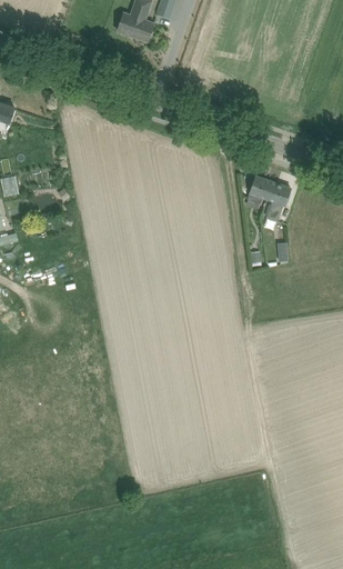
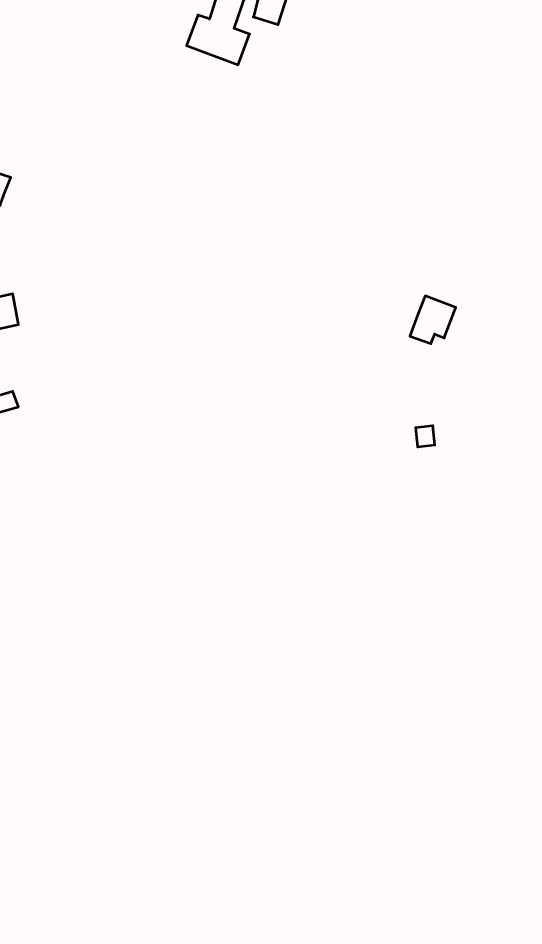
building: [265,183,290,221] -> none

